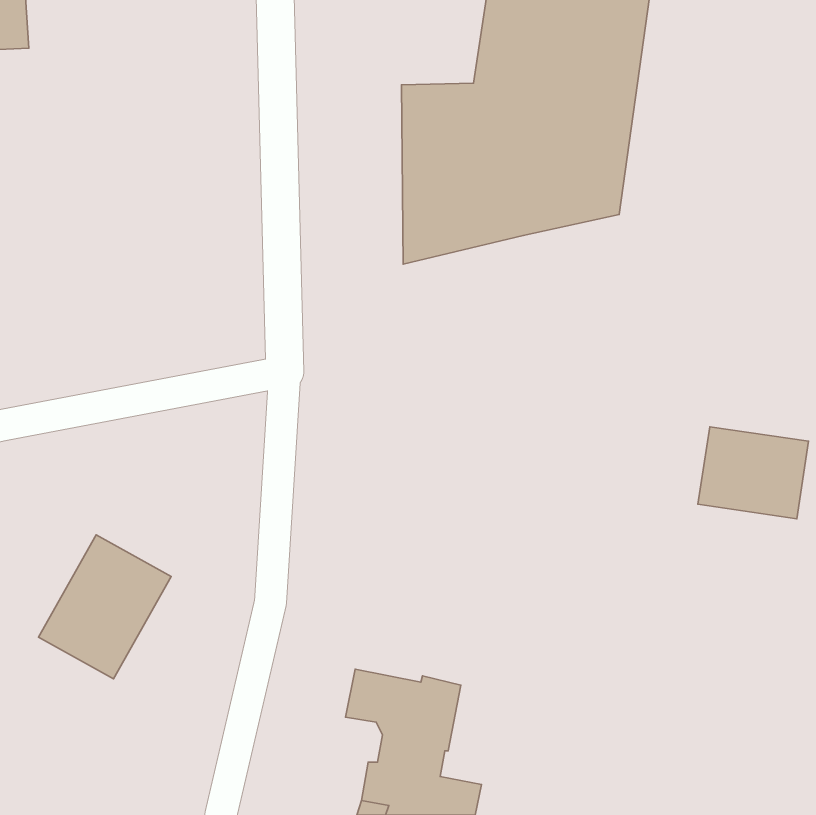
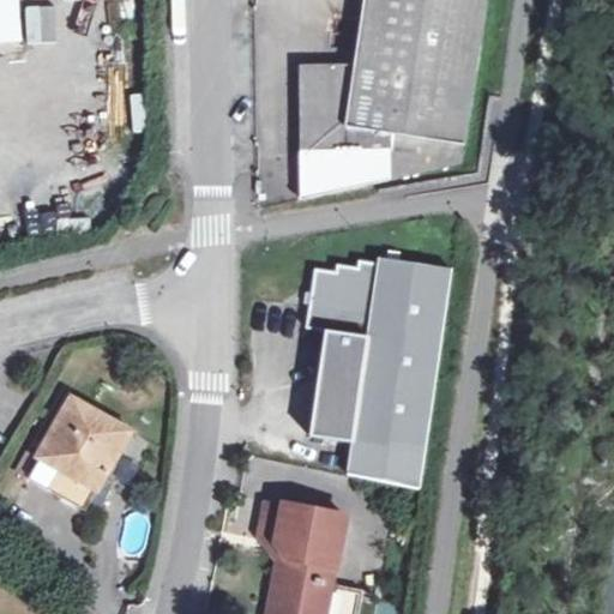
building: none -> [305,258,451,484]
building: [698,427,809,519] -> none

